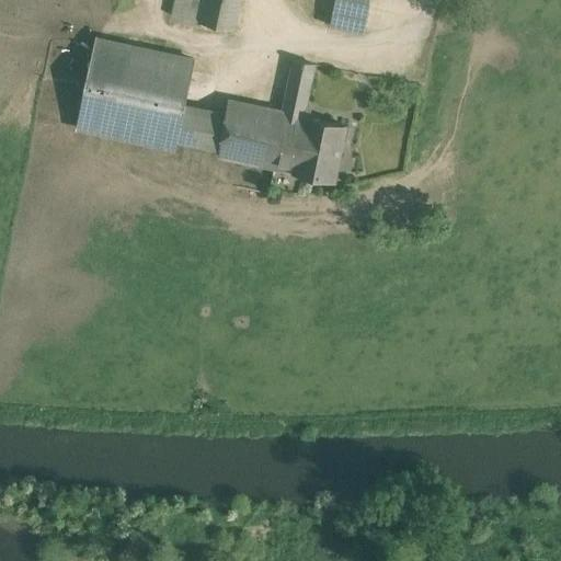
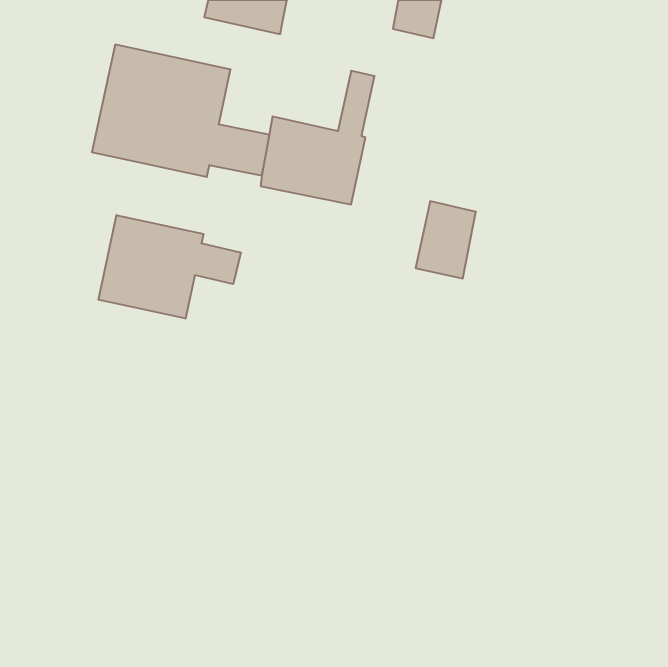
building: [294,117,344,182] -> [416,201,476,279]
building: none -> [98,215,241,319]

